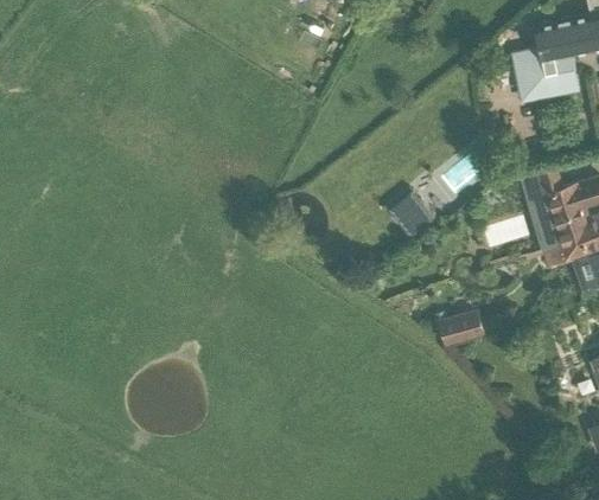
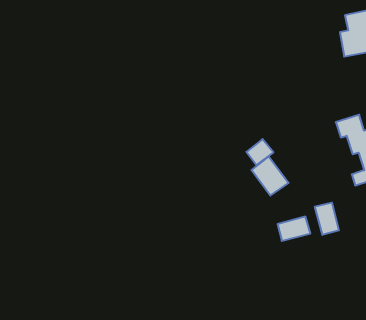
building: none -> [251,157,289,196]
building: none -> [315,203,339,235]

